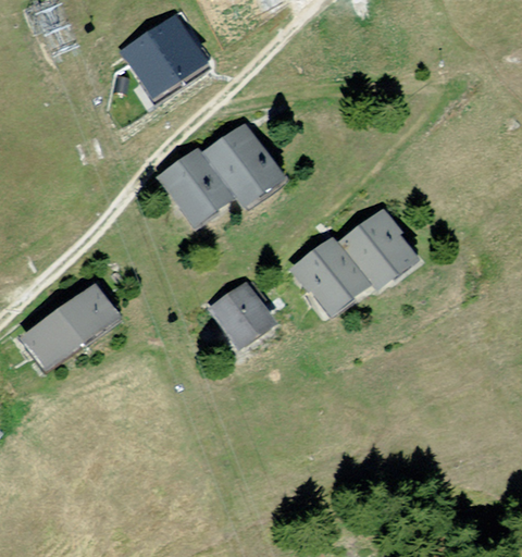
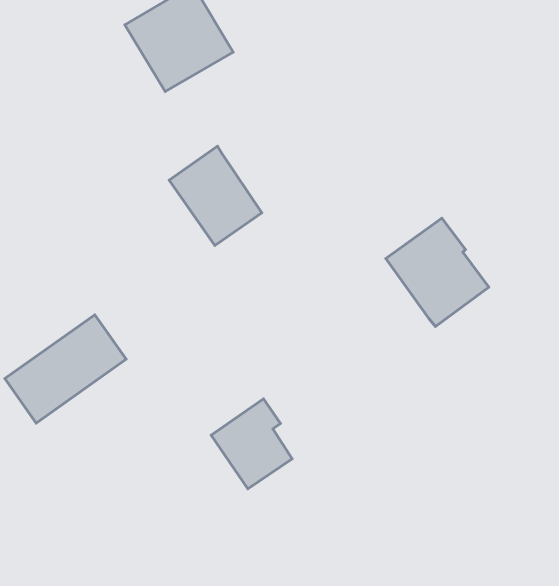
building: [199,122,283,210] -> none
building: [287,234,372,319] -> none
building: [207,272,274,347] -> [211,399,292,489]

